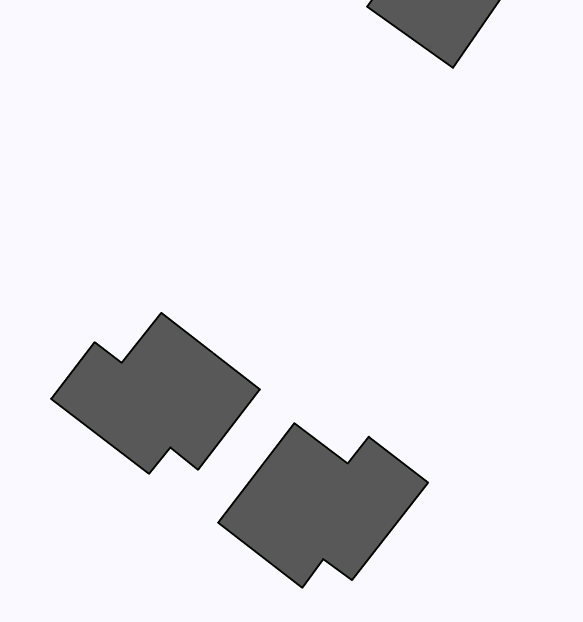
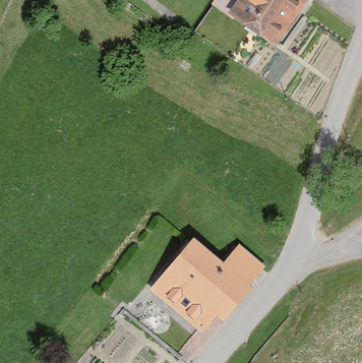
building: [51,313,260,474] -> none

